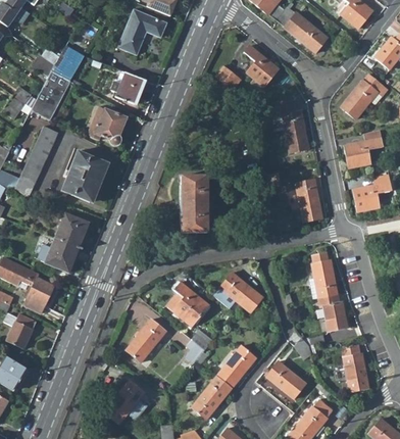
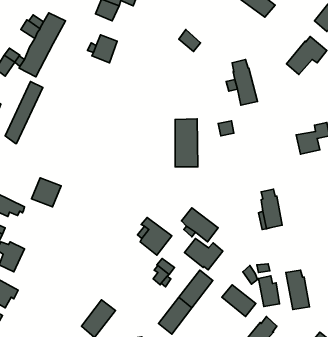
building: [243,45,278,86] -> none
building: [90,105,128,145] -> none
building: [344,130,383,166] -> none
building: [62,151,107,201] -> none
building: [179,179,205,235] -> [175,119,198,167]
building: [296,180,323,223] -> none
building: [55,212,89,247] -> none
building: [22,276,54,311] -> none
building: [322,293,347,329] -> [259,276,280,306]
building: none -> [185,238,223,270]
building: [126,318,165,360] -> none

